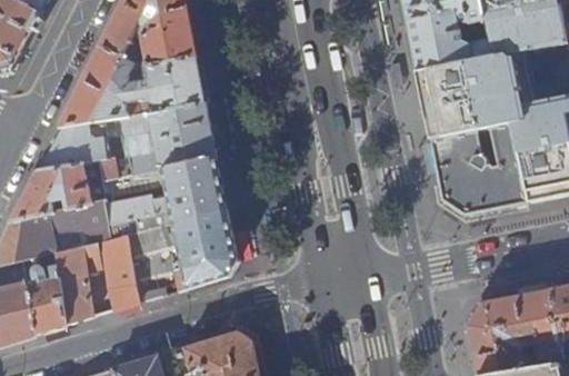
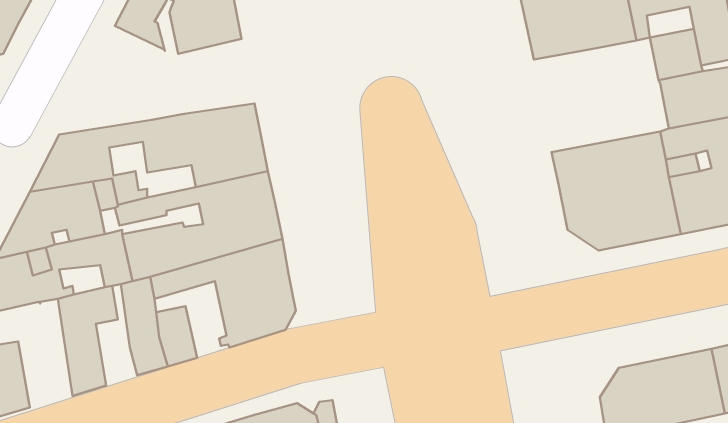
building: [57,44,204,127] -> none
building: [416,62,518,140] -> none
building: [26,254,67,334] -> none

